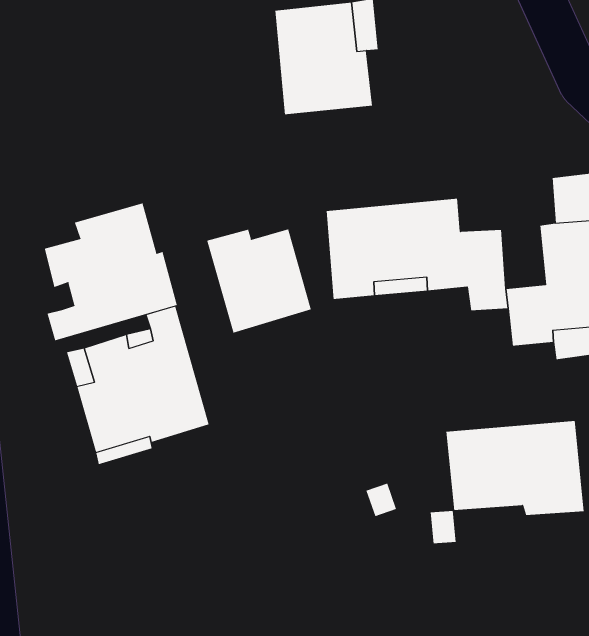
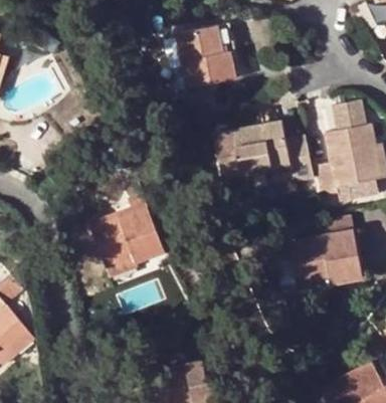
building: [44,203,177,341] -> none
building: [206,229,312,334] -> none

